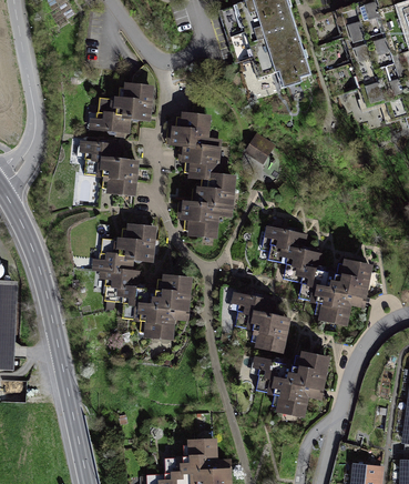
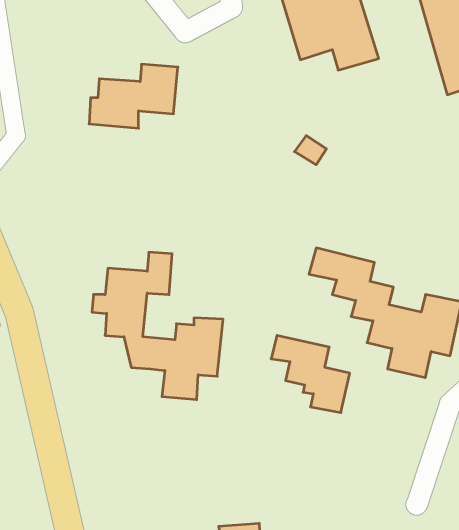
building: [170,112,231,234] -> none
building: [79,141,140,193] -> none
building: [253,353,329,415] -> none

